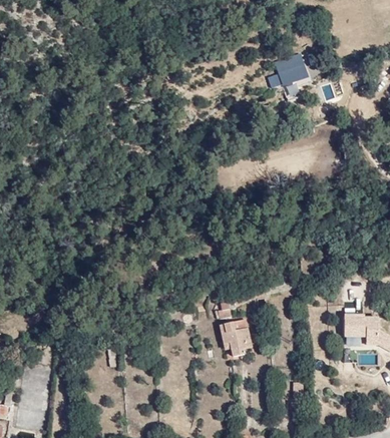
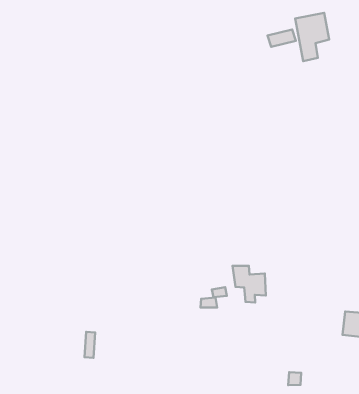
building: [216,324,248,357] -> [232,266,266,303]

